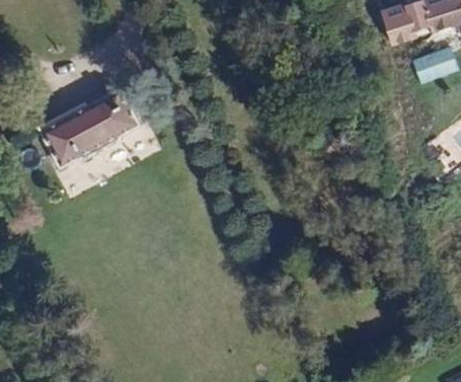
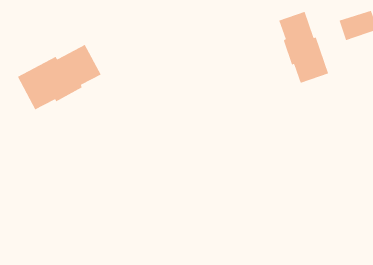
building: none -> [278,11,329,84]

